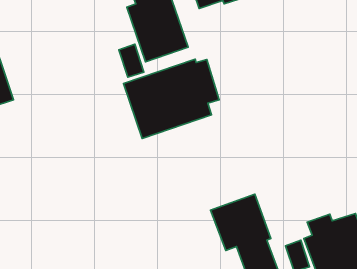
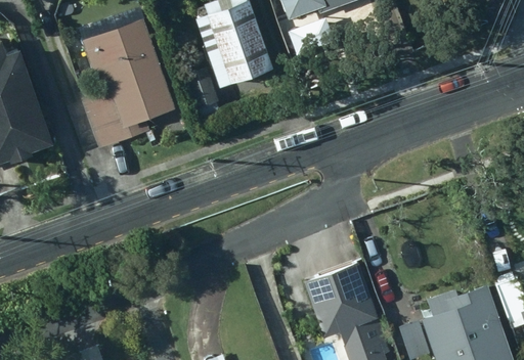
building: none -> [79,19,173,148]
building: [124,59,219,139] -> none

